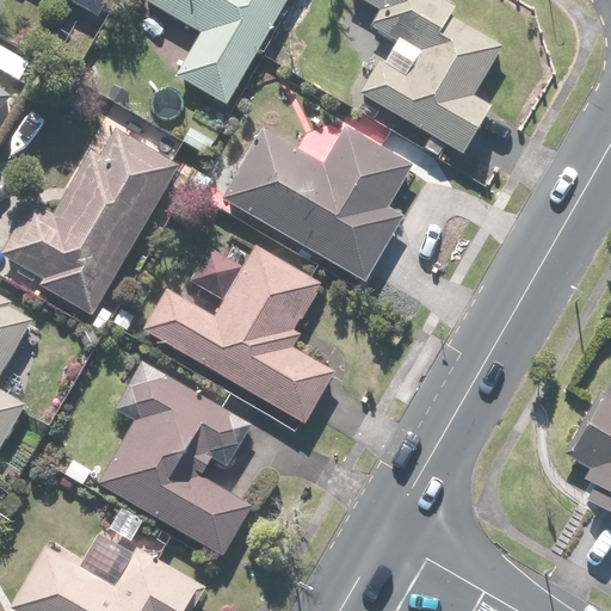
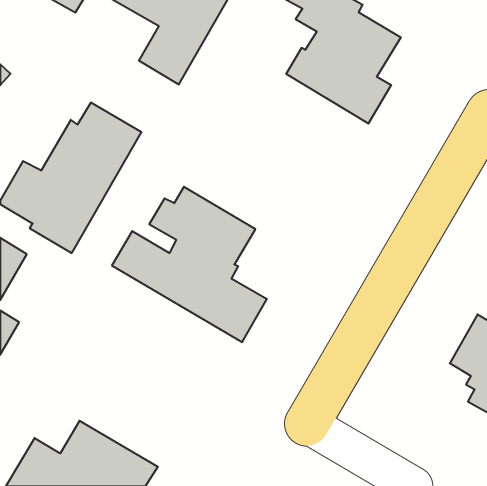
building: [221,125,412,282] -> none
building: [98,362,252,555] -> none

